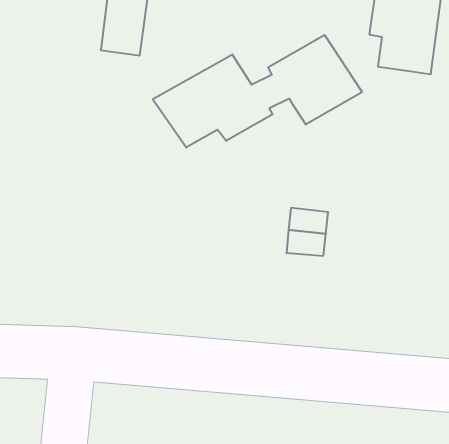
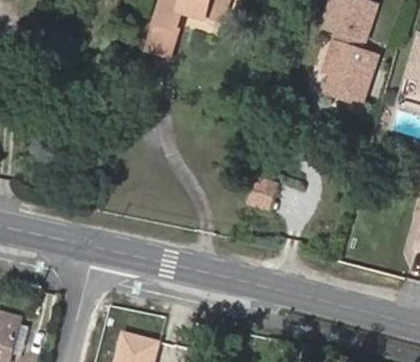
building: [153,35,362,148] -> none

